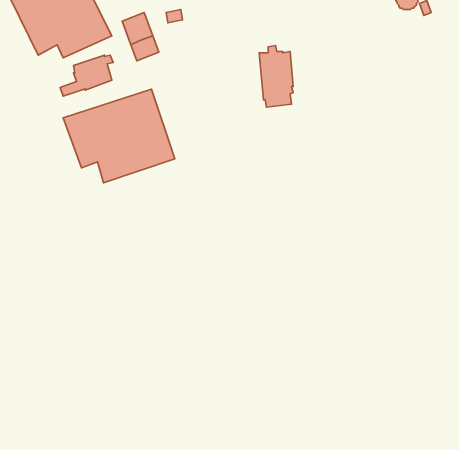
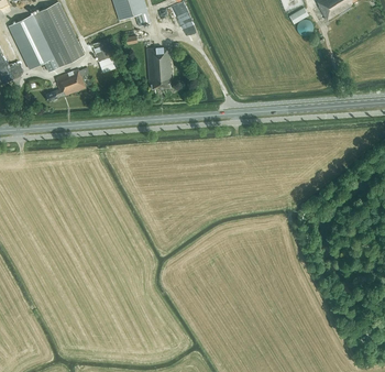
building: [259,45,293,107] -> [146,43,172,89]
building: [63,89,175,183] -> none

